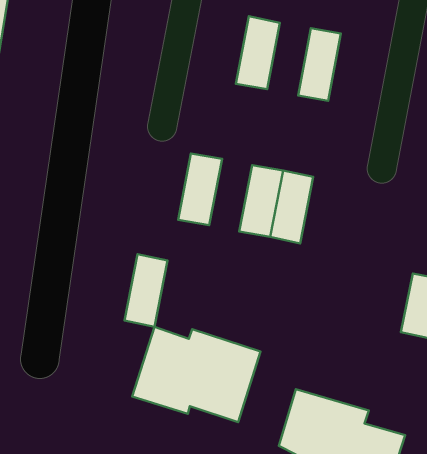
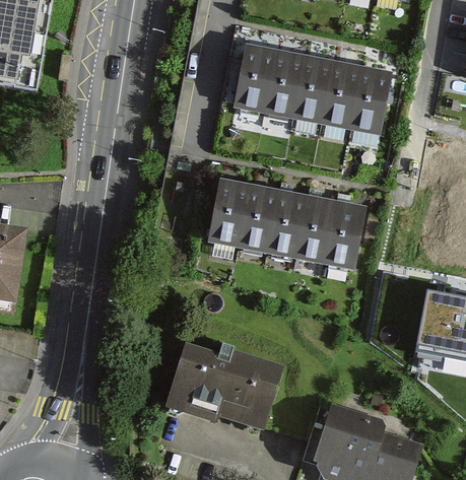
building: none -> [234,43,274,112]
building: none -> [291,54,333,123]
building: none -> [349,64,391,133]
building: none -> [323,200,364,268]
building: [125,254,167,327] -> [237,183,277,252]

